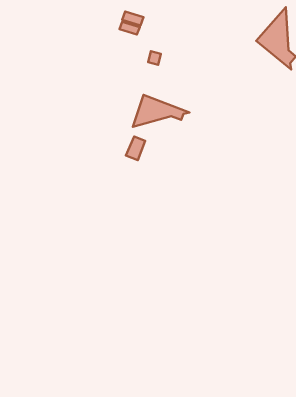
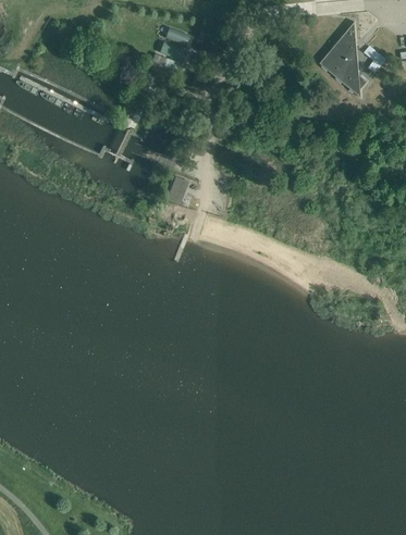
building: [133,95,189,127] -> none

